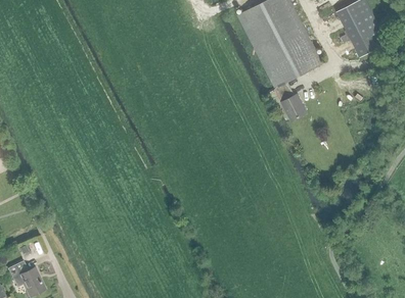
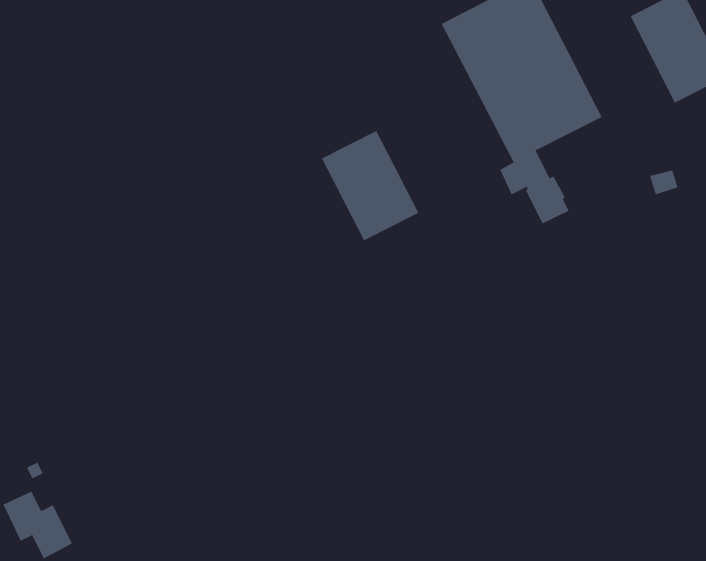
building: none -> [321,130,419,241]

